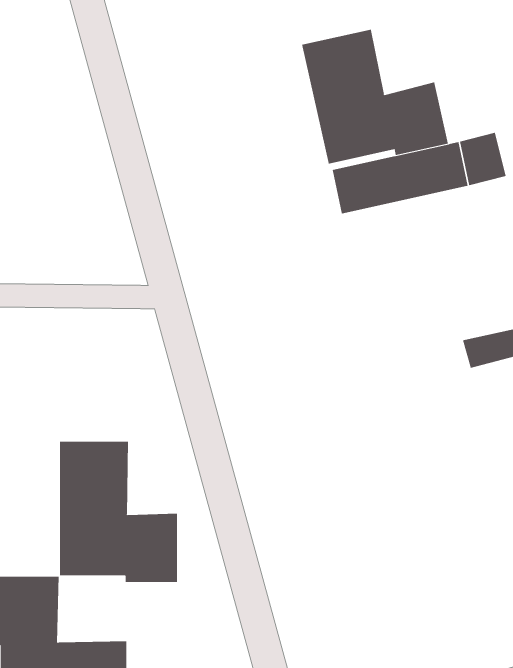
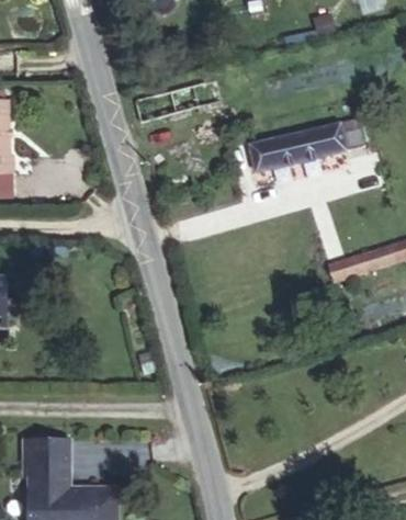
building: [302,29,448,165] -> none
building: [59,441,178,583] -> none

